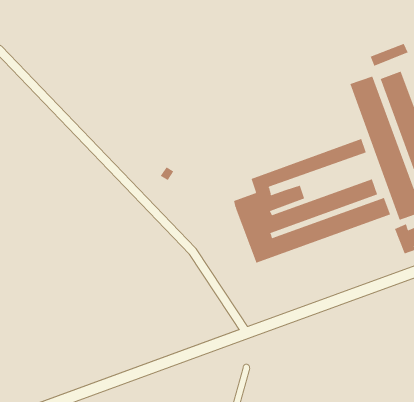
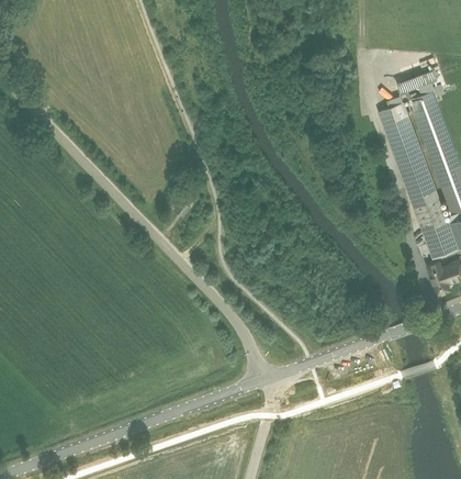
building: [233,138,391,264] -> none

